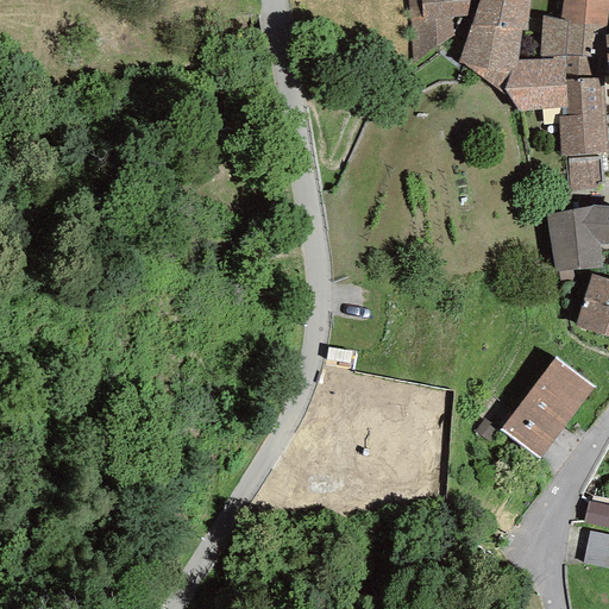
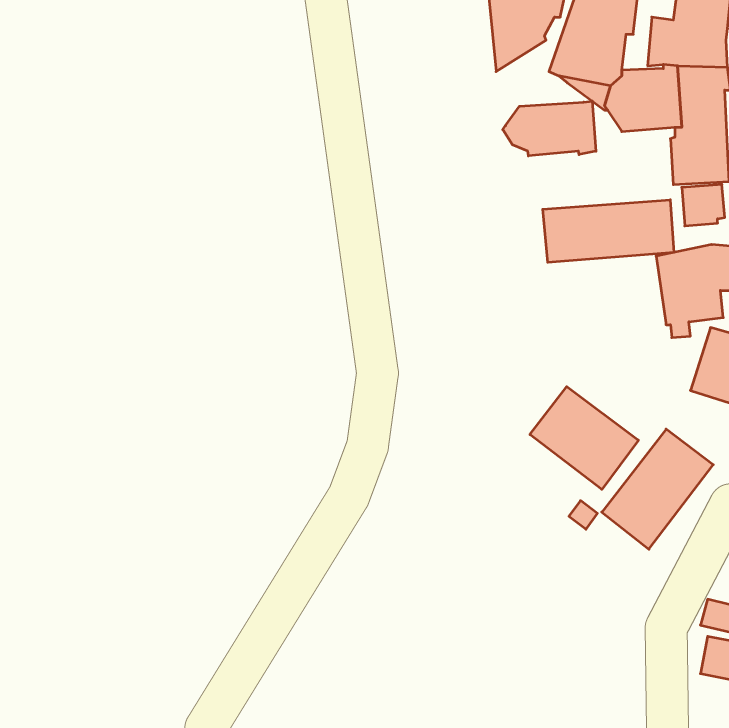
building: none -> [503,101,596,156]
building: none -> [543,200,674,262]
building: none -> [530,387,638,489]

